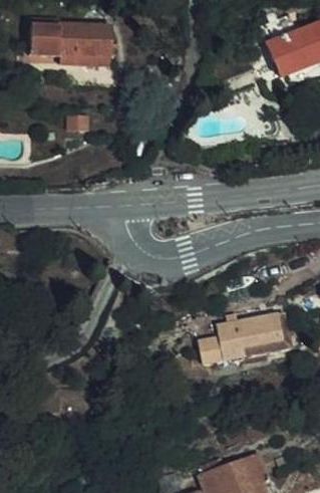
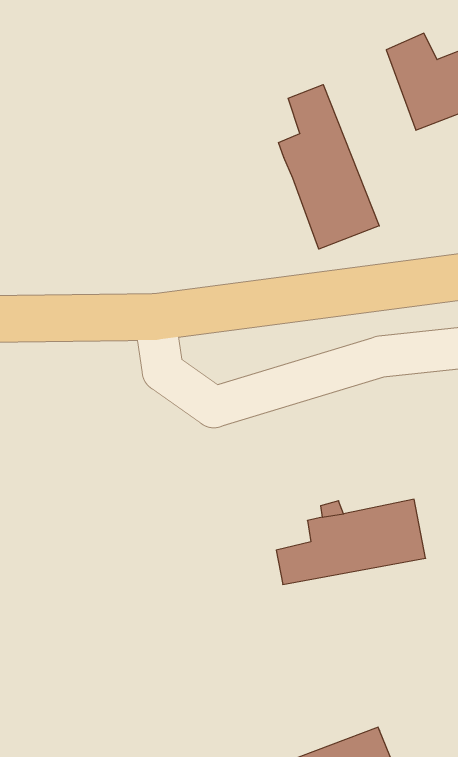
building: [34,29,111,61] -> none
building: none -> [279,85,379,249]

